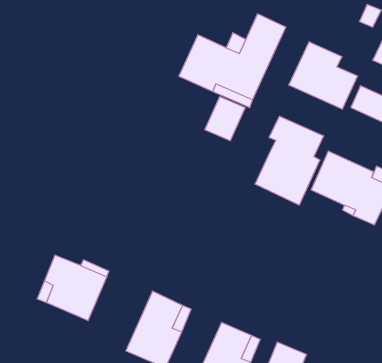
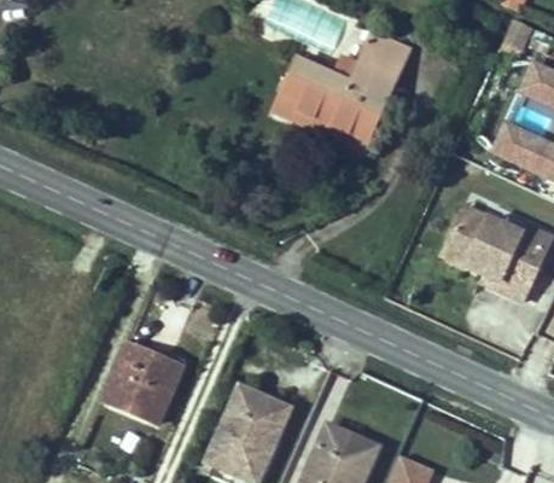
building: [289,42,358,109] -> none
building: [205,97,245,141] -> none
building: [255,116,324,205] -> none

